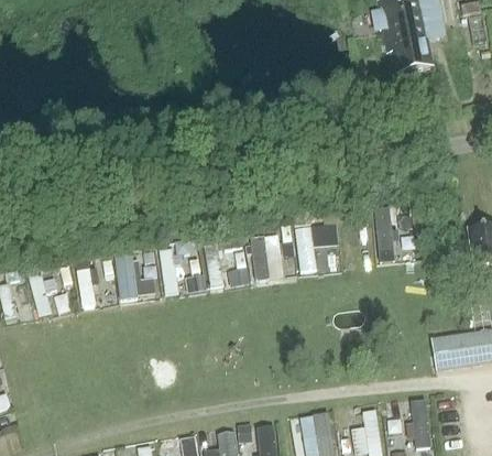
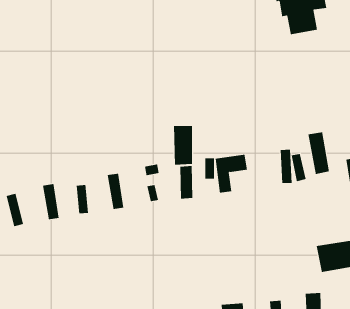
building: none -> [173,125,192,165]
building: none -> [308,131,329,175]

